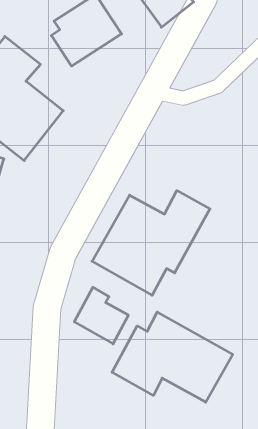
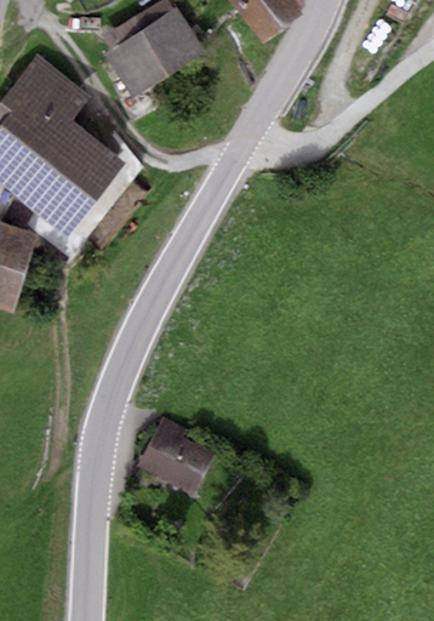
building: [92,191,210,295] -> none
building: [112,312,233,402] -> none

